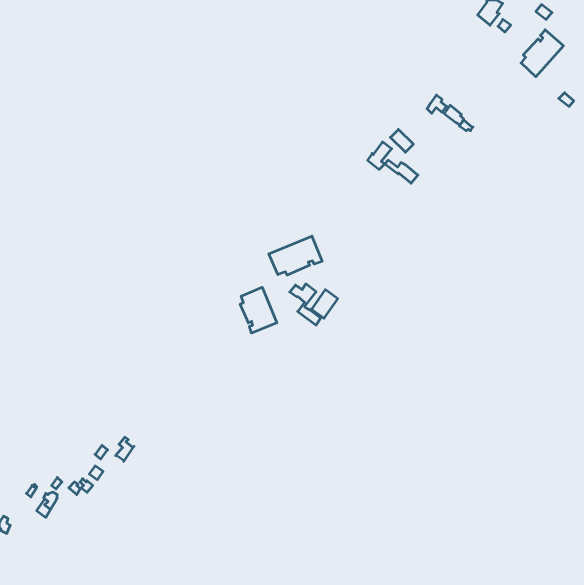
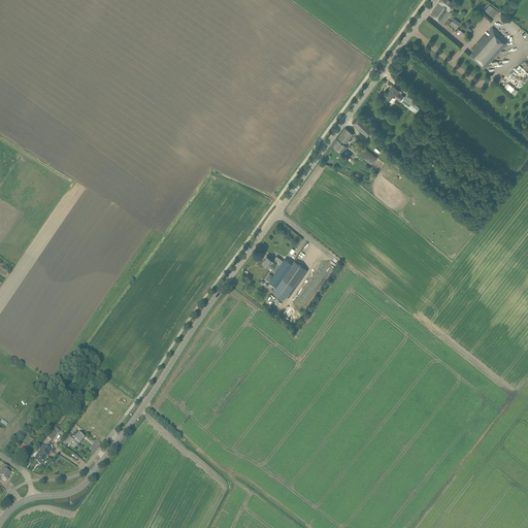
building: [269,236,322,275] -> none
building: [240,287,277,333] -> none

